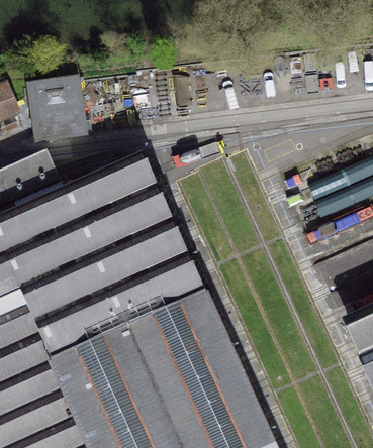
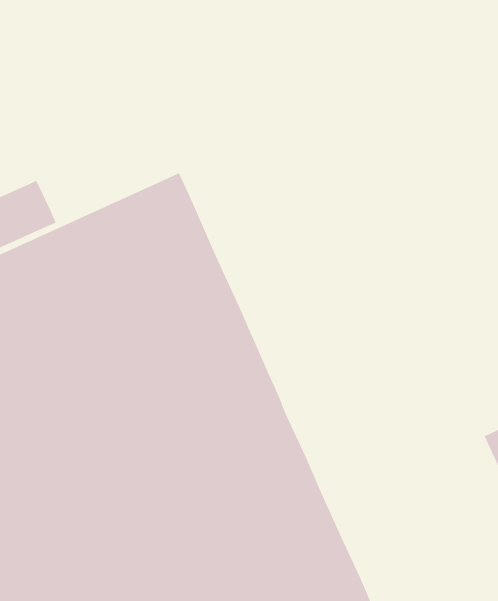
building: [29,78,87,141] -> none

